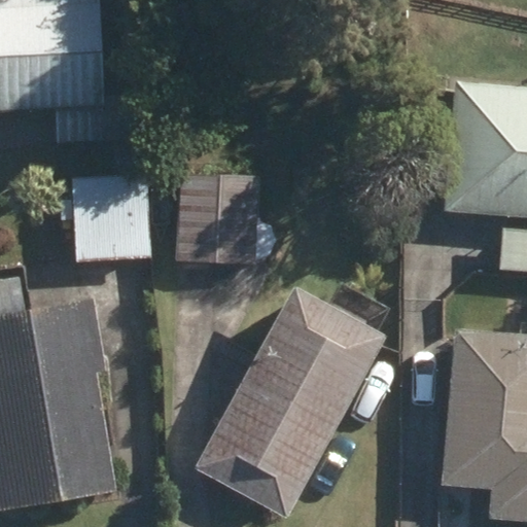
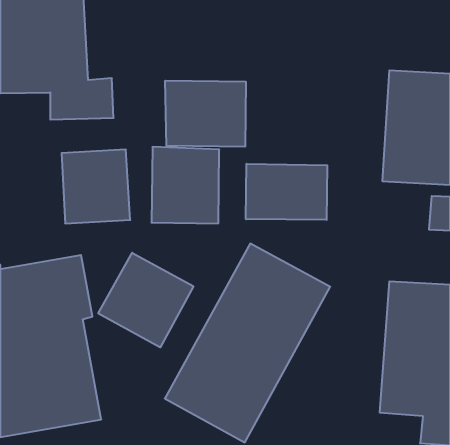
building: none -> [165,81,246,147]
building: none -> [246,164,327,220]
building: none -> [98,253,193,347]

